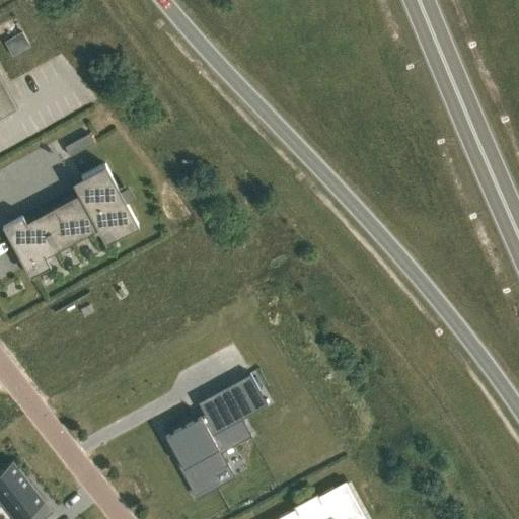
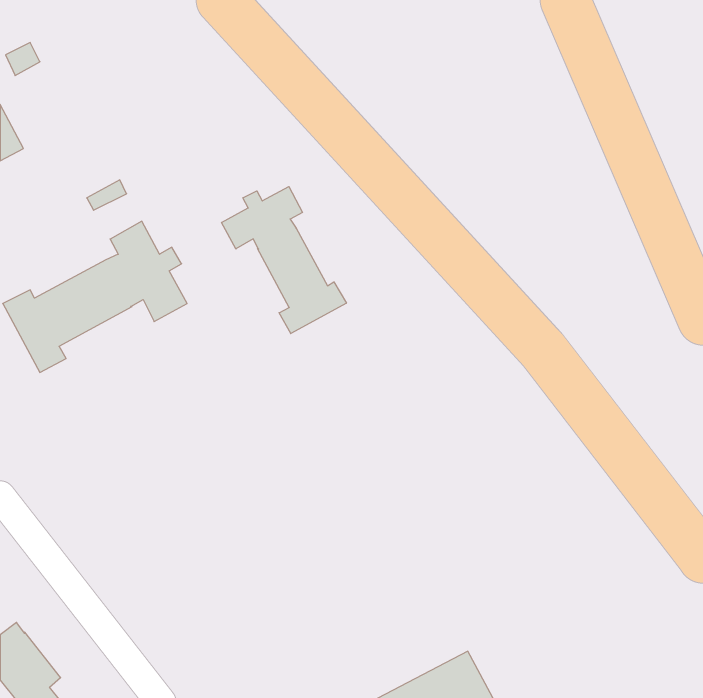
building: none -> [222,187,346,334]
building: [164,375,266,497] -> none

